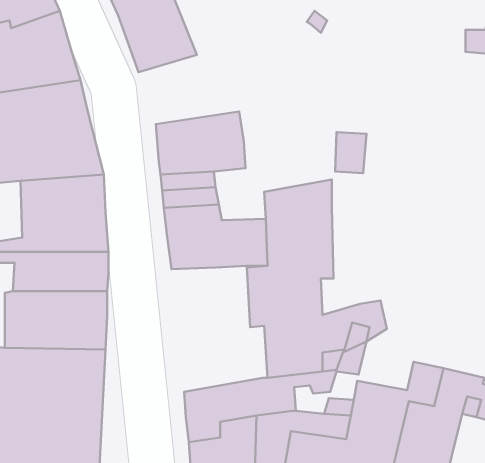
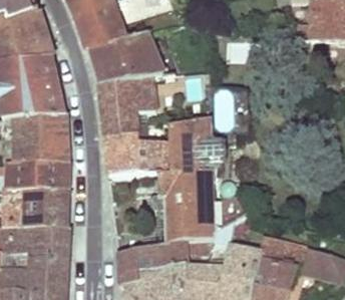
building: none -> [89,33,163,82]

